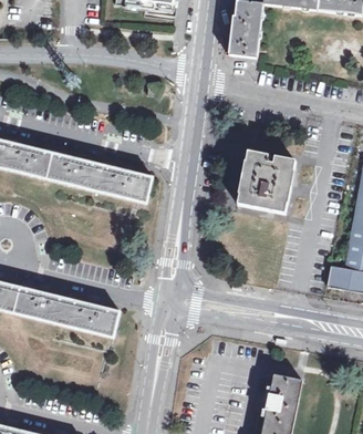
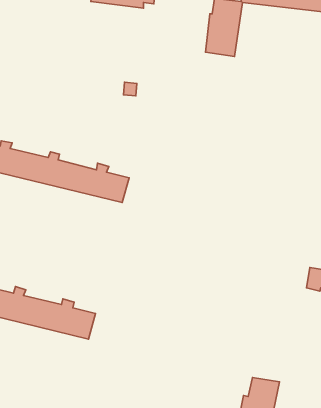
building: [237,152,294,213] -> none

